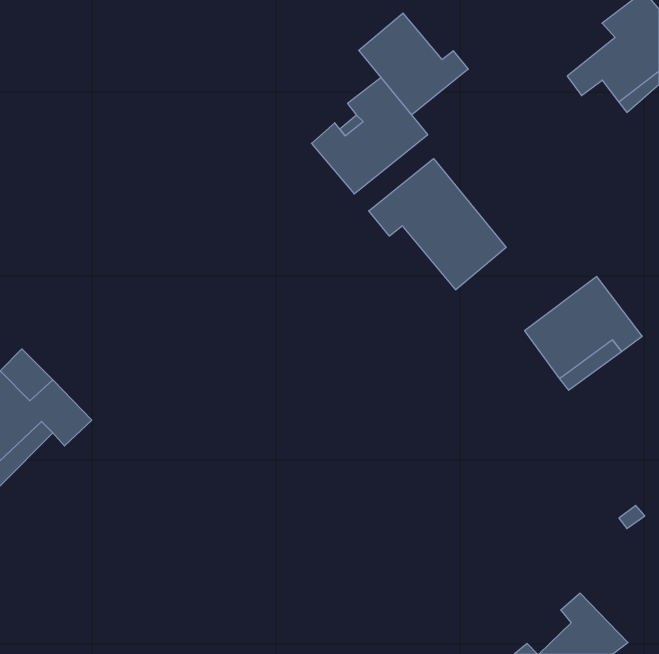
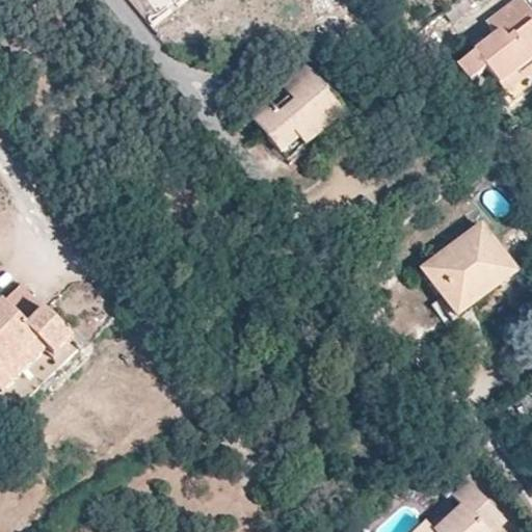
building: [359,13,468,115] -> none
building: [369,159,506,290] -> none

